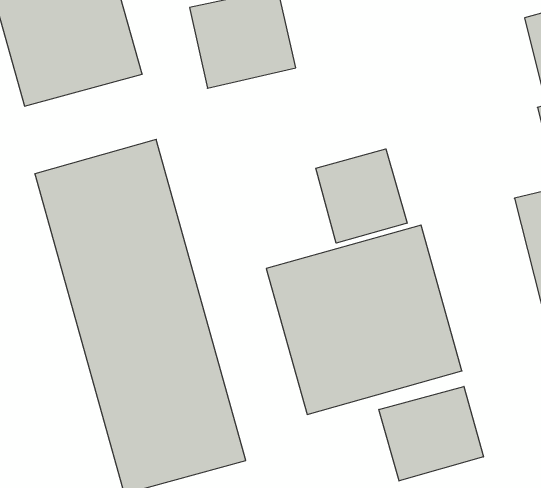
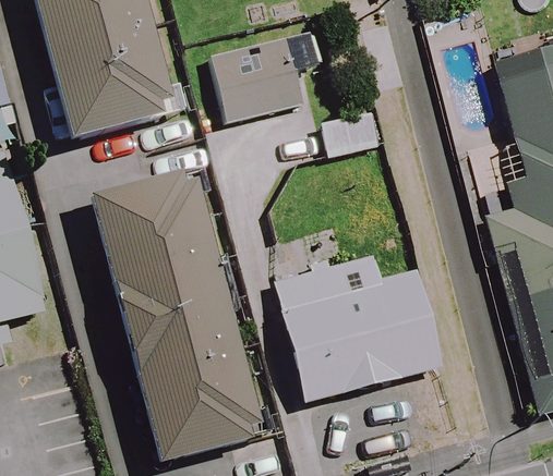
building: [316,149,407,243] -> none
building: [379,386,483,481] -> none

